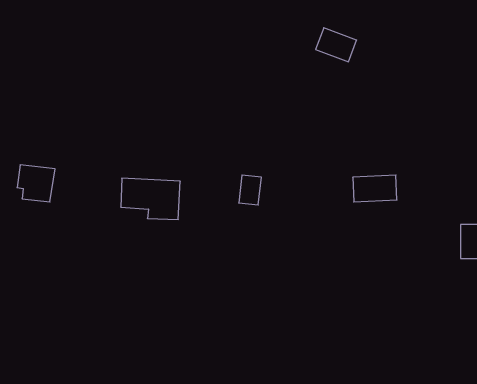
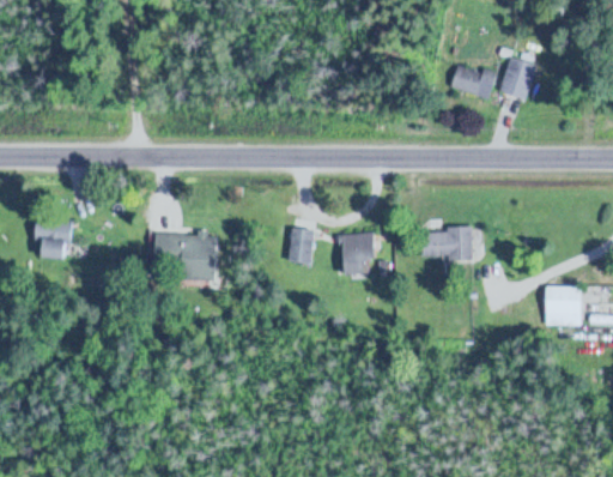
building: [316,28,357,62] -> [449,62,497,102]
building: none -> [499,58,538,101]
building: none -> [342,233,377,274]

